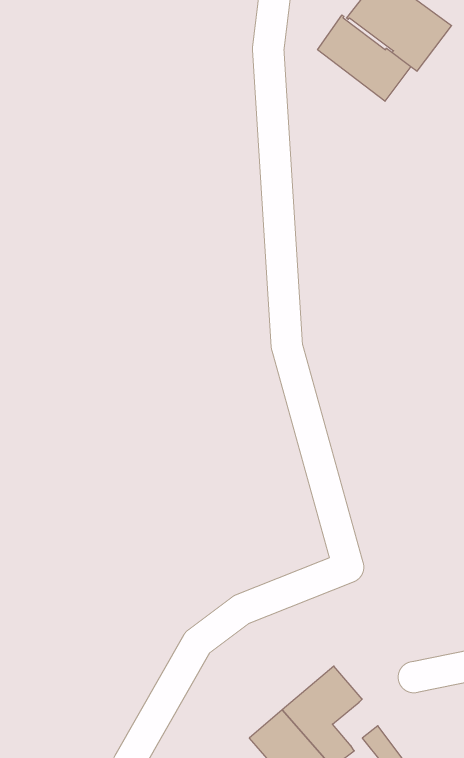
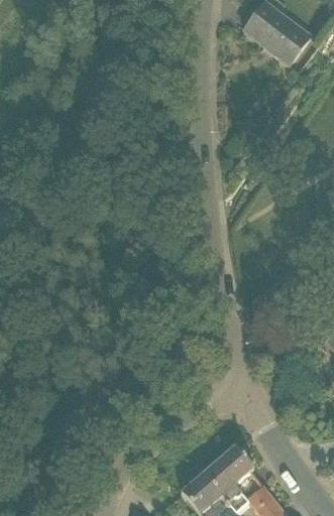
building: [318,15,411,101] -> none

